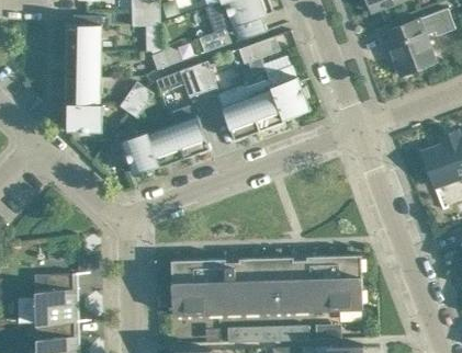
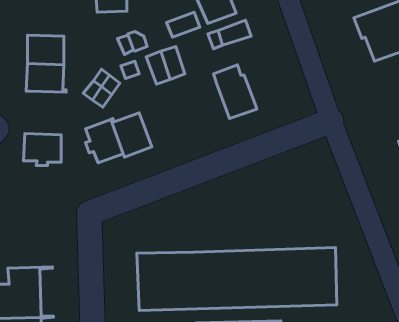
building: [64,24,100,52] -> none
building: [264,65,307,118] -> none
building: [221,98,258,140] -> none
building: [65,104,101,135] -> [24,134,61,166]
building: [171,115,209,158] -> none

